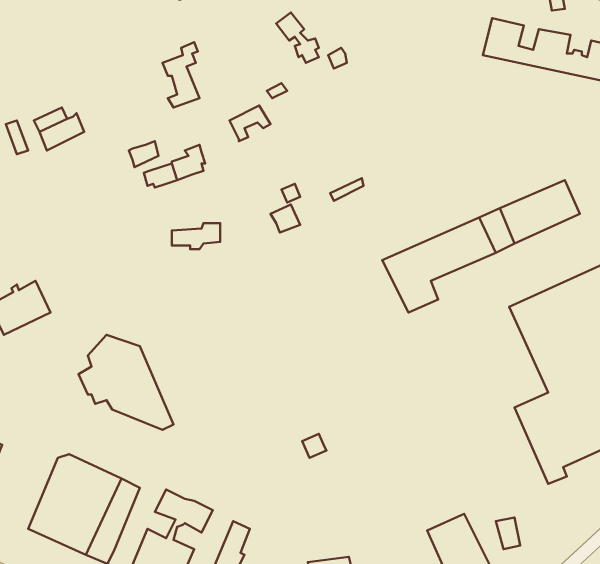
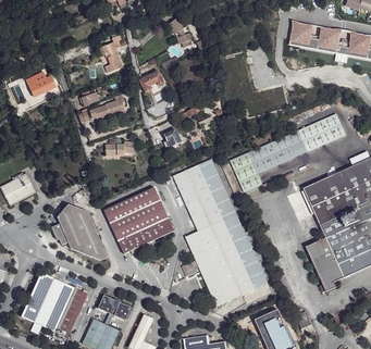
building: none -> [173,159,267,306]
building: none -> [102,186,173,253]

